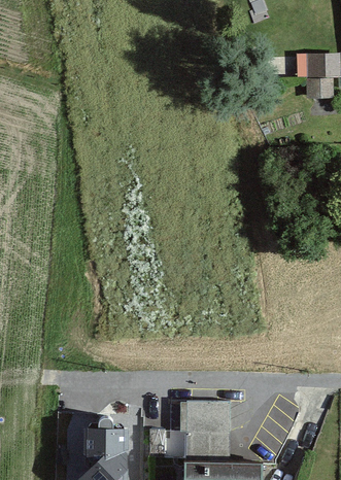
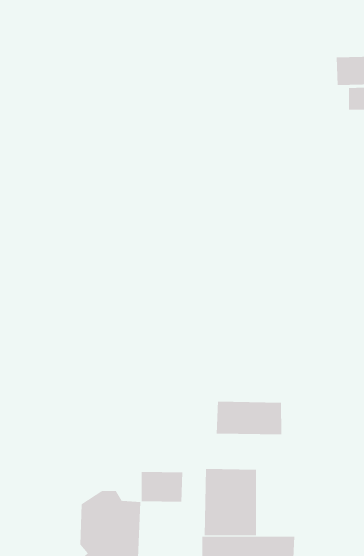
building: none -> [216,401,282,435]
building: none -> [141,471,183,502]

